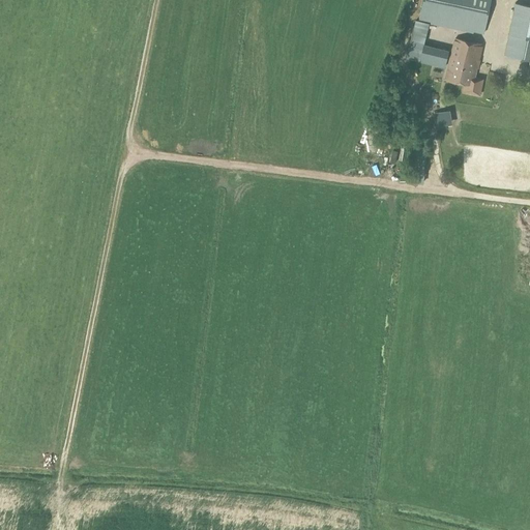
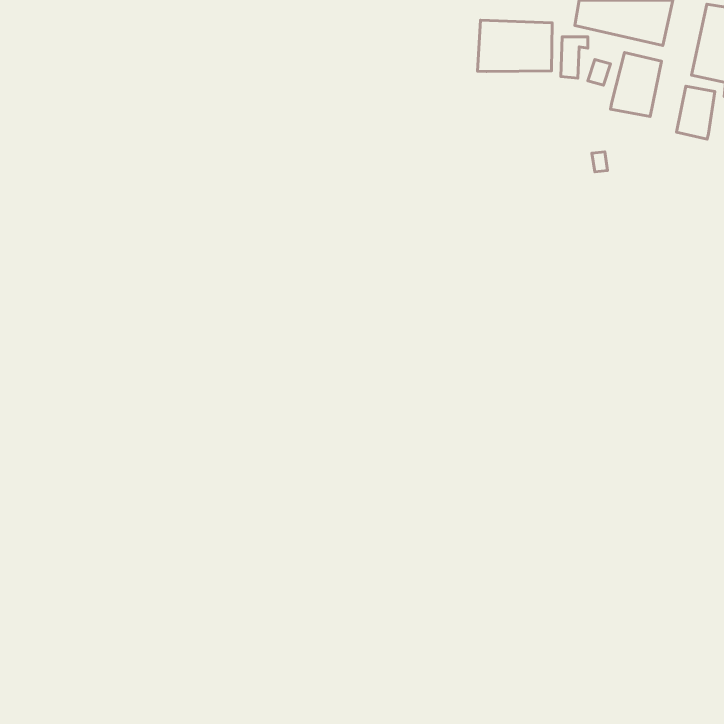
building: none -> [477,20,552,72]
building: none -> [676,86,715,139]

